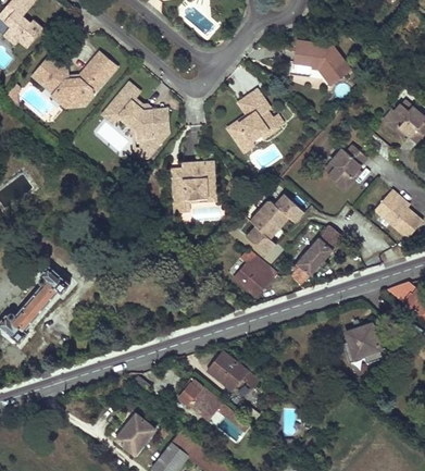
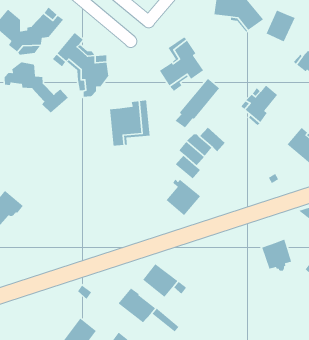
building: none -> [265,9,296,43]
building: none -> [4,61,69,114]
building: [288,225,340,284] -> [175,78,220,129]

